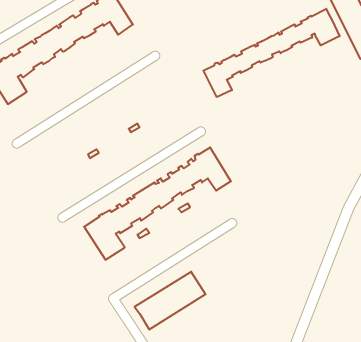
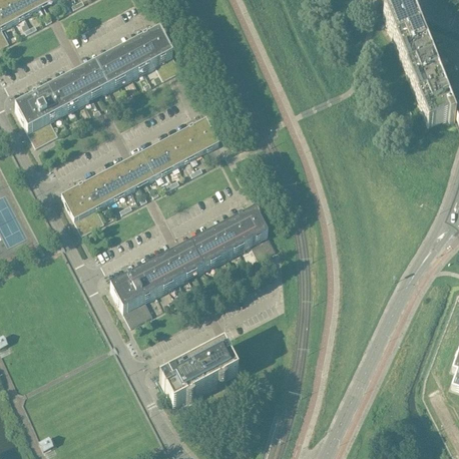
building: [203,9,340,97] -> none
building: none -> [62,115,220,231]

